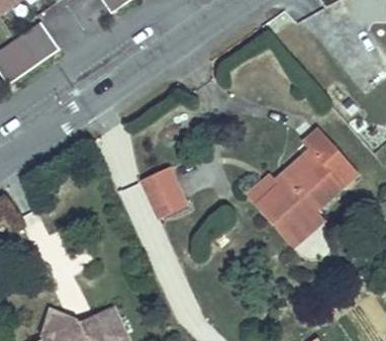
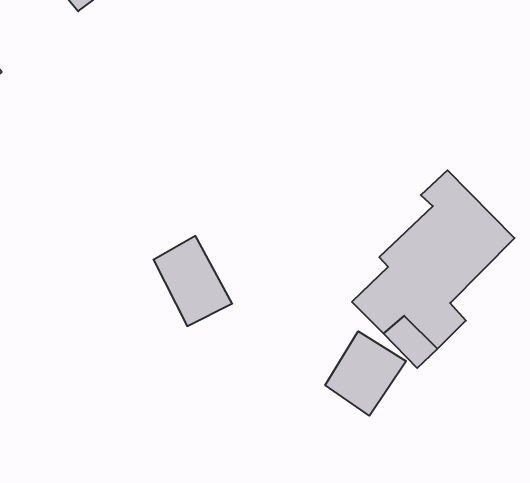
building: none -> [325,331,406,416]

